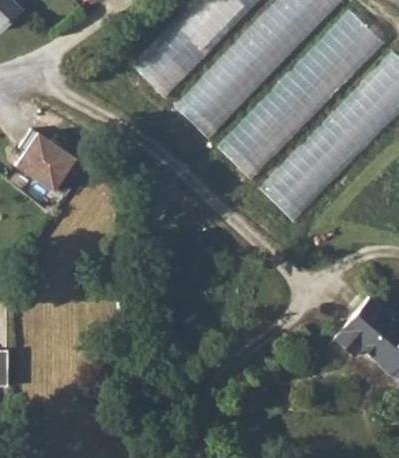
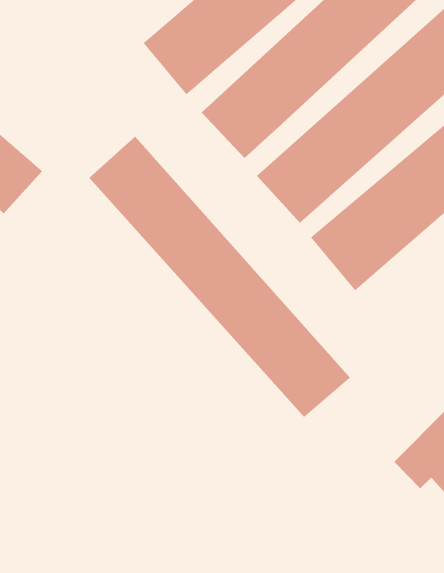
building: none -> [89,136,351,418]

